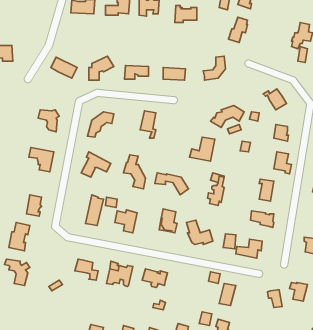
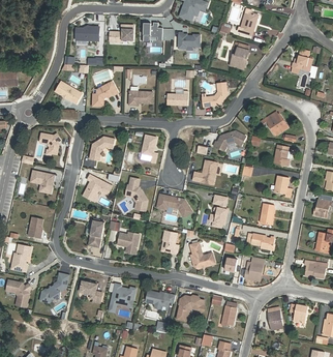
building: none -> [39,273,68,303]
building: none -> [176,295,203,321]

